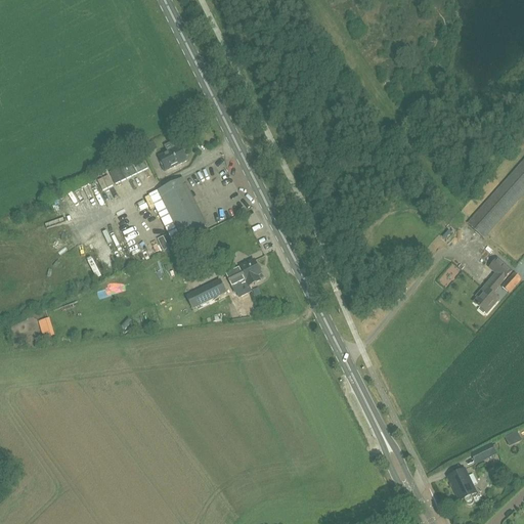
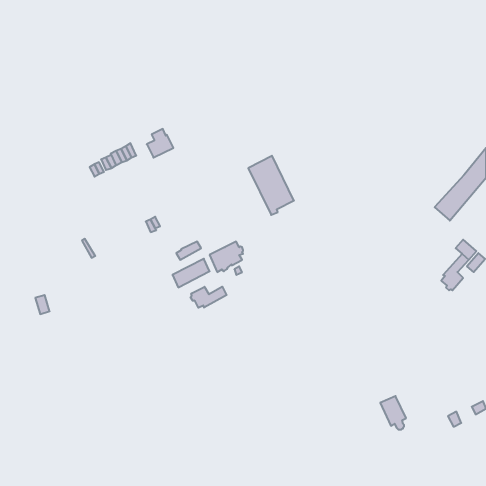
building: [157,176,206,239] -> [248,156,294,215]
building: none -> [191,287,227,308]
building: [447,468,475,504] -> [380,396,406,430]

